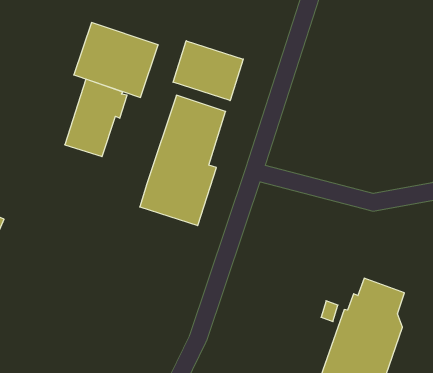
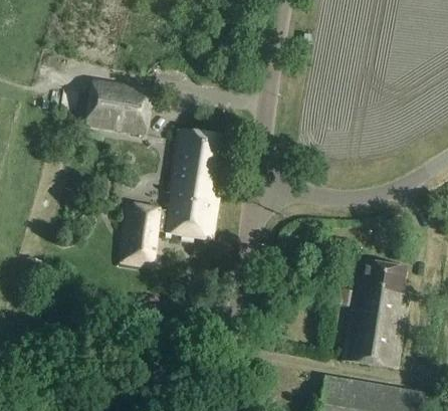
building: [173,41,243,101] -> none
building: [65,79,127,157] -> [117,202,164,267]

